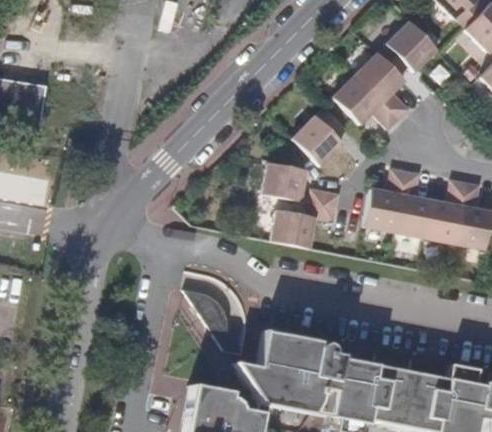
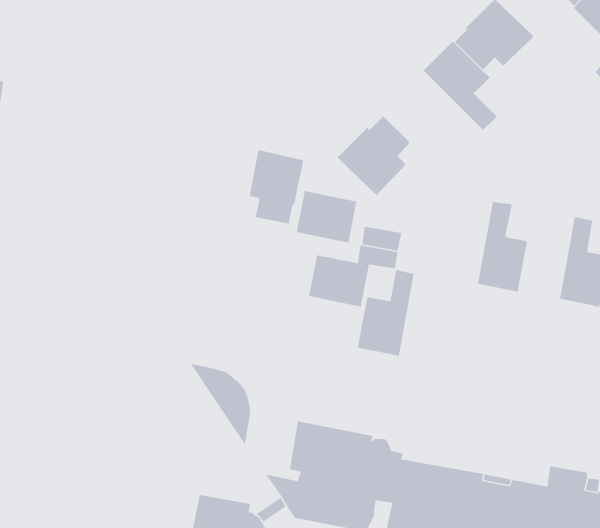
building: [333,74,399,128] -> none
building: none -> [249,149,304,224]
building: [364,167,406,231] -> [357,269,415,357]
building: [425,178,466,242] -> none

